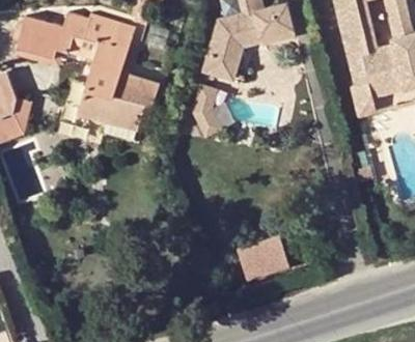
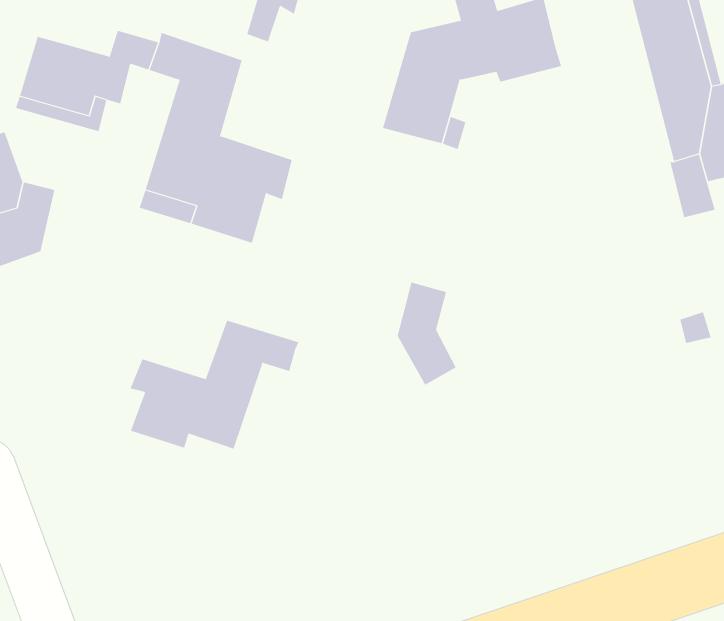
building: [192,83,223,137] -> [397,282,457,386]
building: none -> [130,320,299,449]
building: [238,235,288,278] -> none

